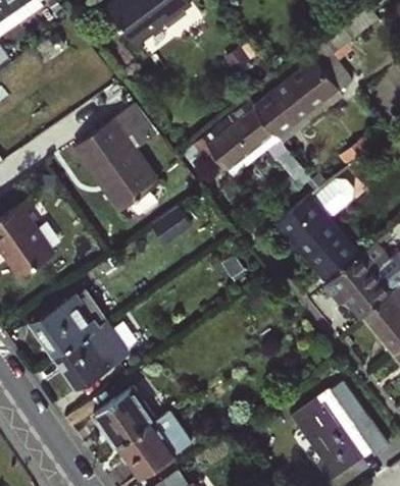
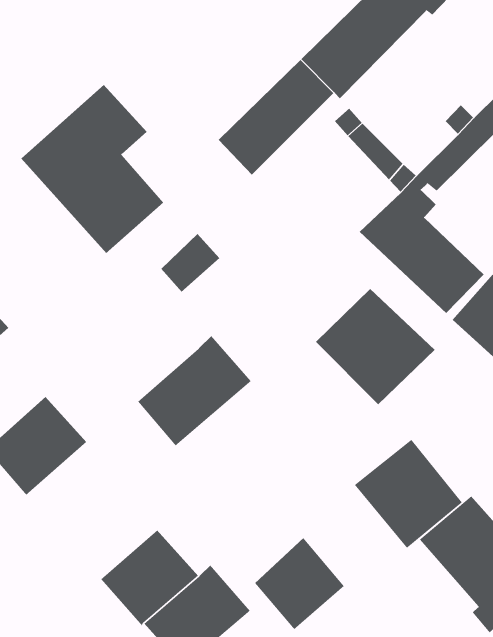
building: none -> [315,288,436,405]
building: [54,322,127,388] -> [137,335,252,446]
building: none -> [354,439,463,549]
building: none -> [254,537,345,630]

